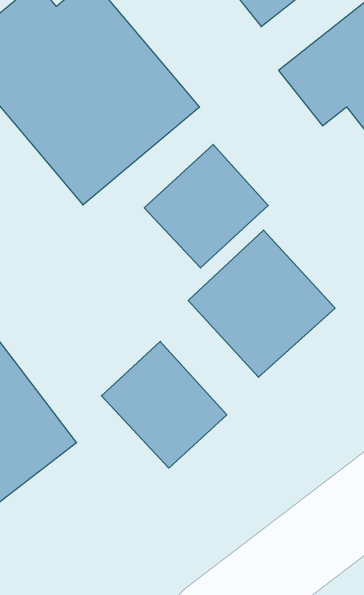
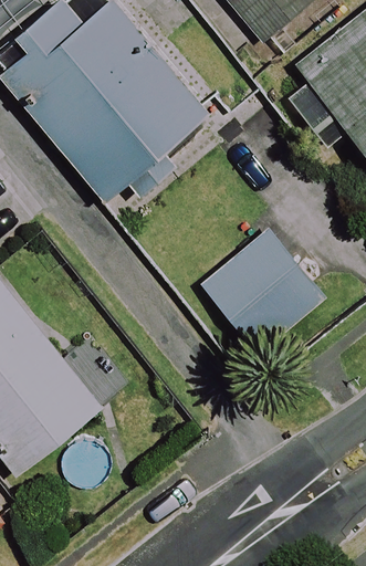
building: [144,144,268,268] -> none
building: [101,341,227,468] -> none

